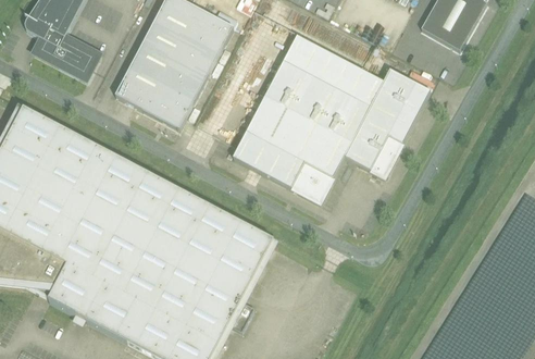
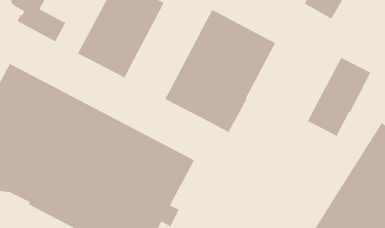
building: [345,69,432,176] -> [307,57,371,137]

